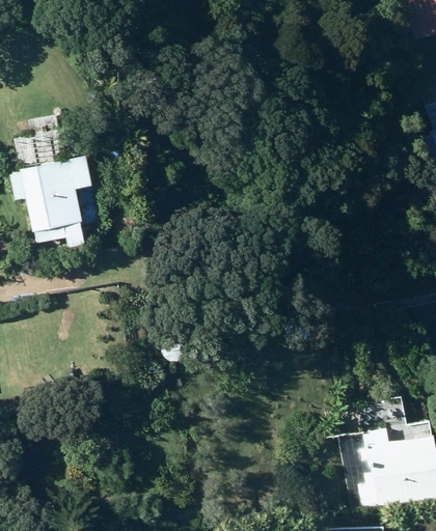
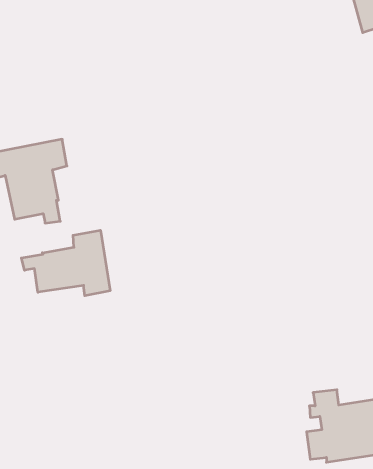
building: none -> [21,230,110,296]

